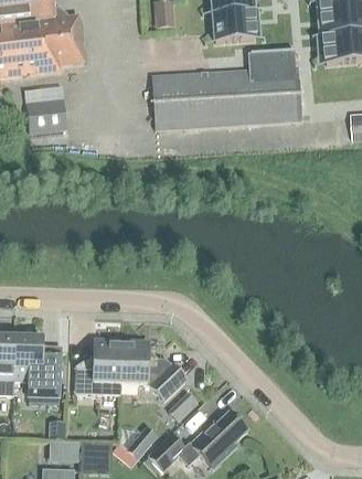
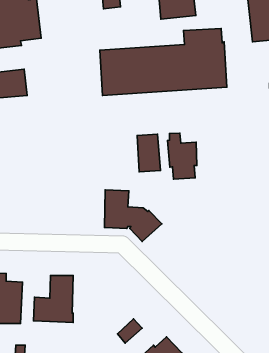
building: none -> [168,133,197,179]
building: none -> [137,134,160,172]
building: [119,340,187,401] -> [104,190,162,242]

